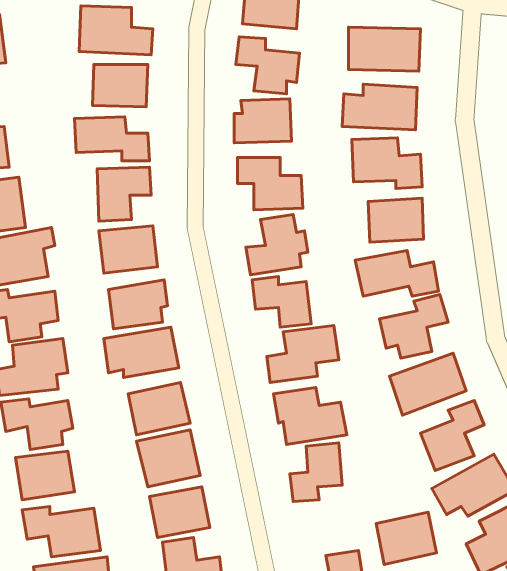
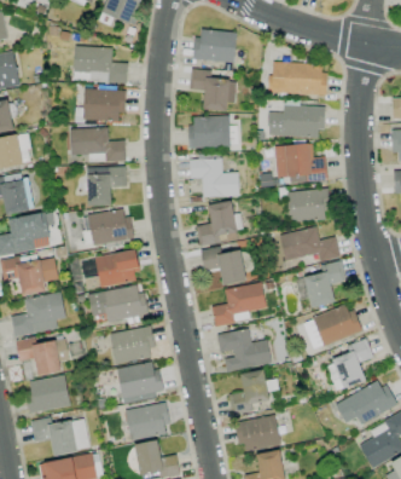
building: [376,512,436,564] -> [237,414,281,452]

